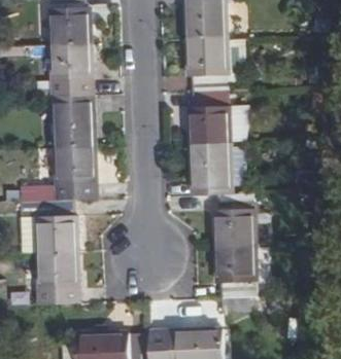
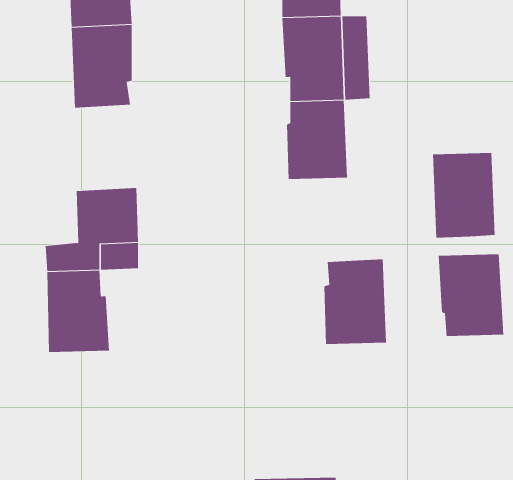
building: [54,95,94,149] -> none
building: [190,141,230,195] -> [432,153,495,238]
building: [213,246,255,298] -> [438,254,504,336]
building: [37,251,76,304] -> none

